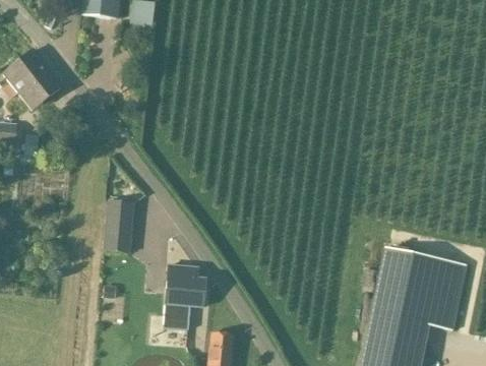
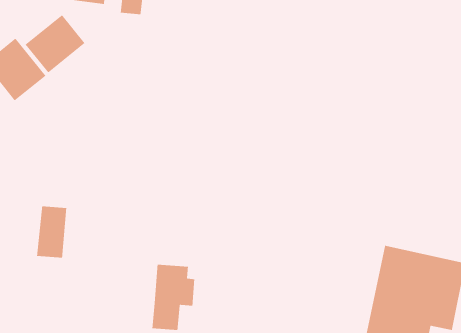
building: none -> [24,14,86,74]
building: [104,201,133,252] -> [36,205,67,259]

